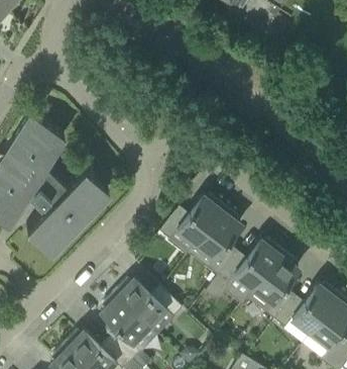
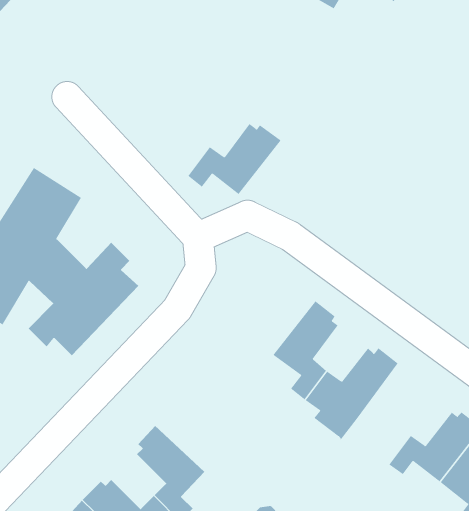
building: [159,196,224,246] -> [188,123,281,195]
building: [253,252,298,321] -> none
building: [114,279,182,327] -> none

